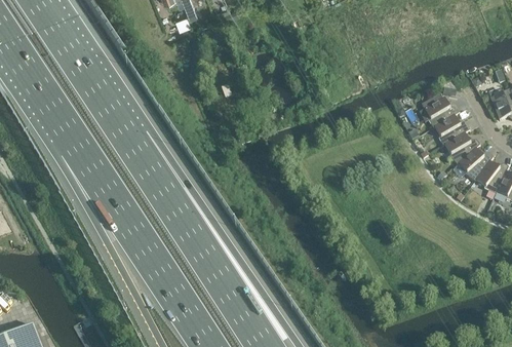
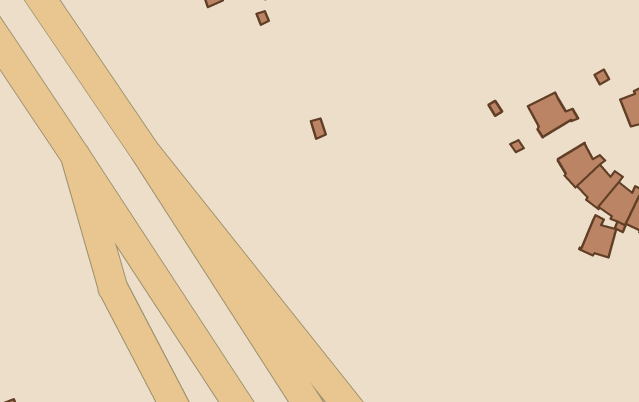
building: [434,116,470,148] -> none
building: none -> [579,215,616,258]

